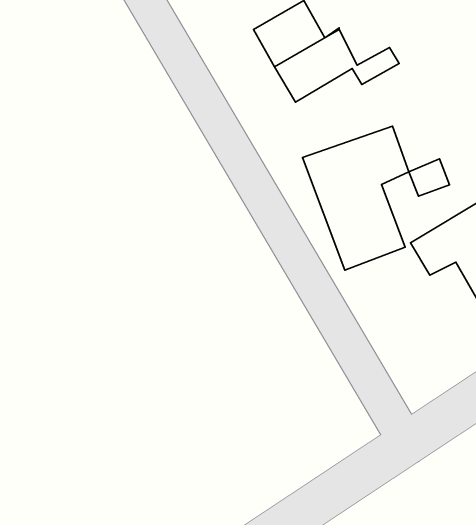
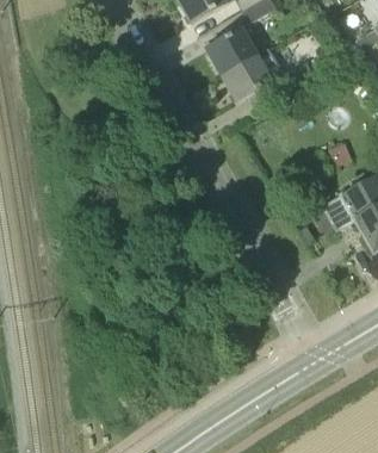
building: [303,126,409,270] -> none

